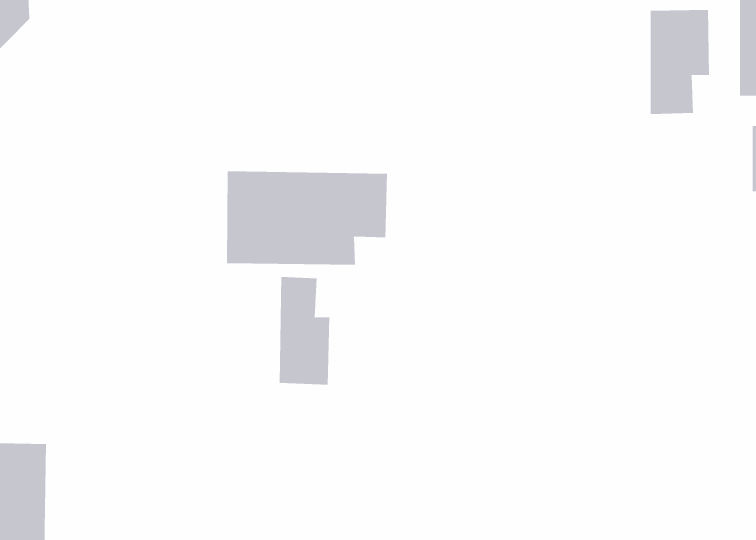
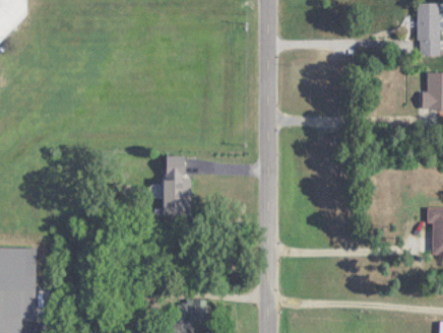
building: [650,9,709,115] -> none
building: [227,170,387,265] -> none

